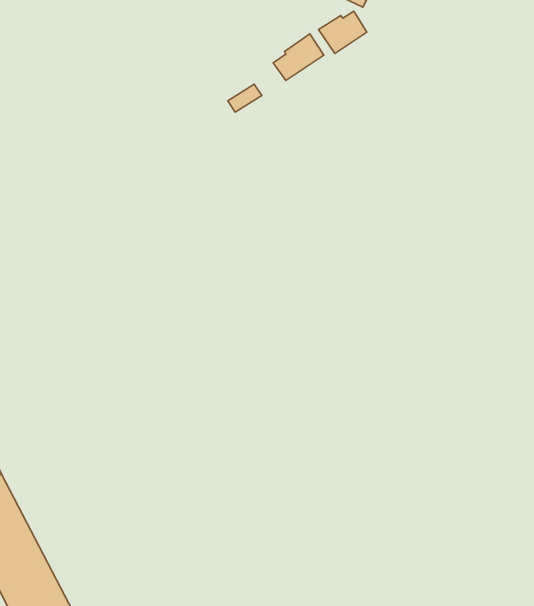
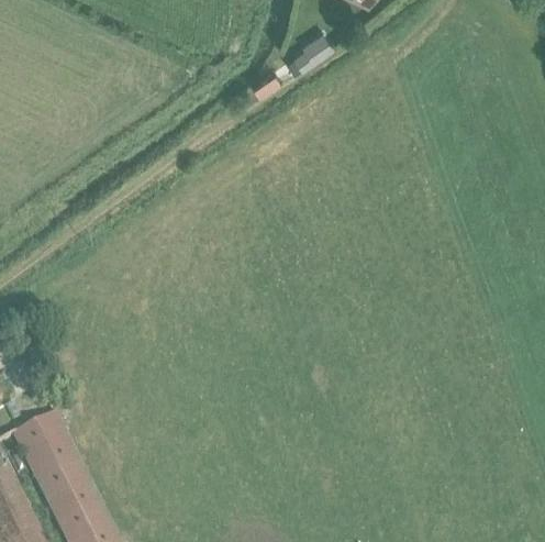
building: [319,11,367,53] -> none

